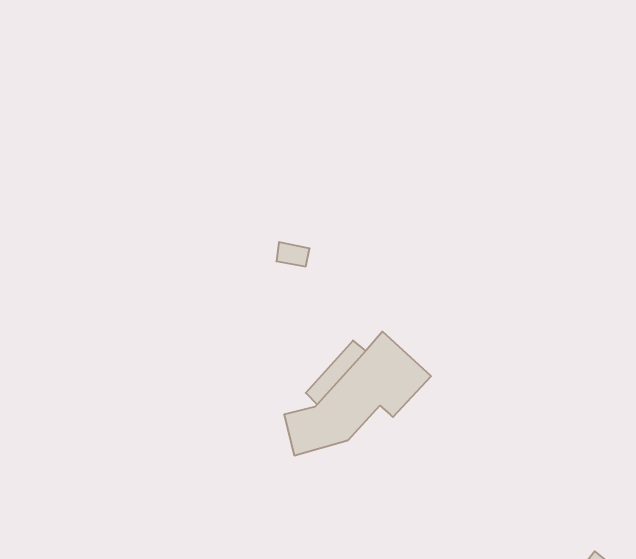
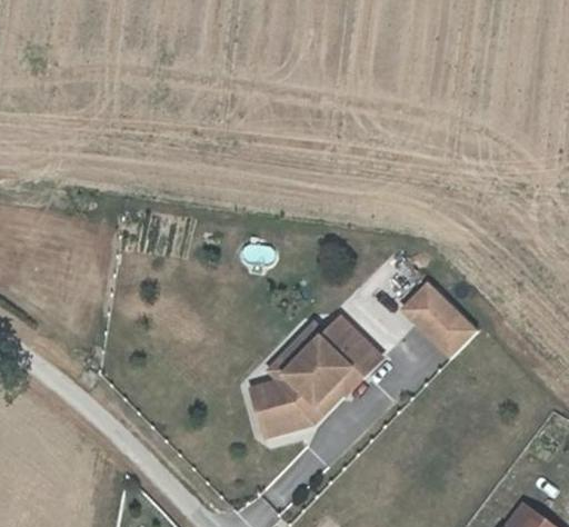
building: none -> [403,284,477,356]
building: none -> [262,384,346,438]

